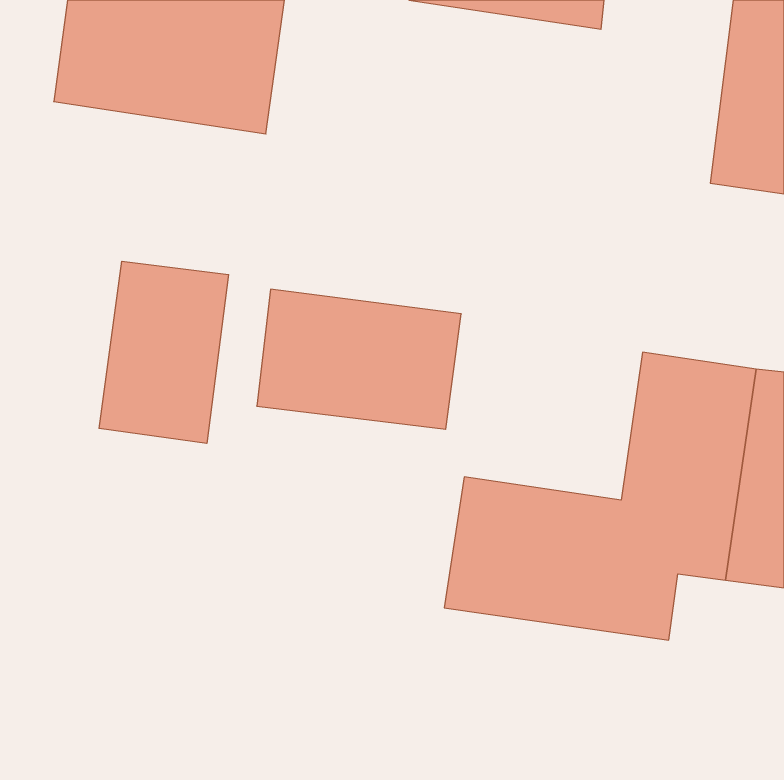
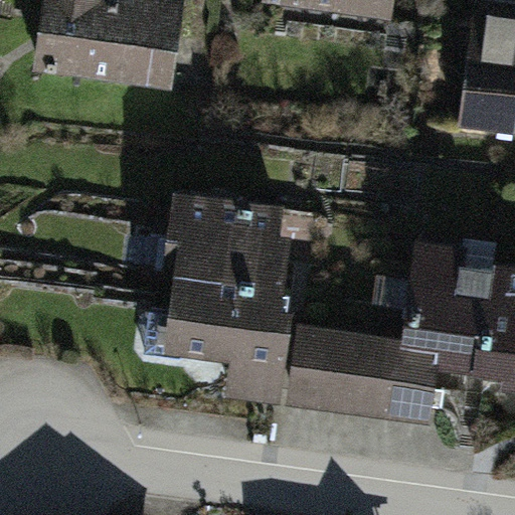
building: [99,261,229,443] -> none
building: none -> [159,270,292,399]

